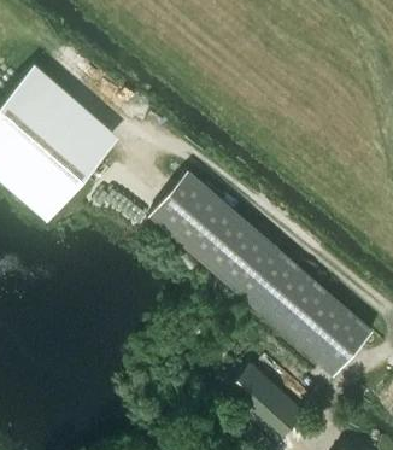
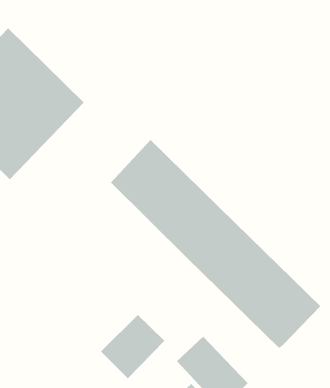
building: none -> [100,314,165,379]

